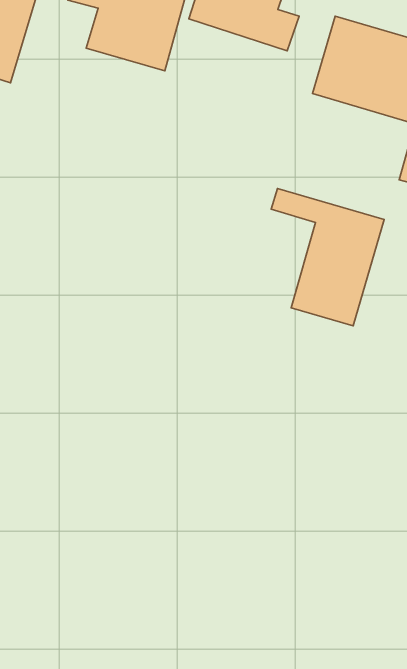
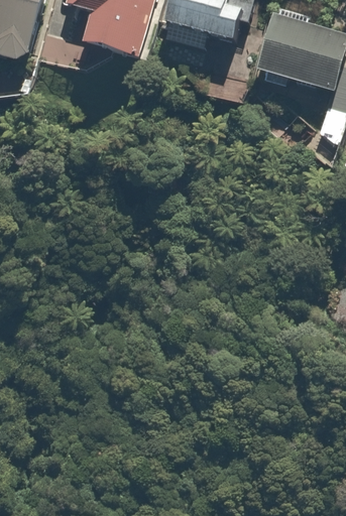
building: [271,188,384,326] -> none

